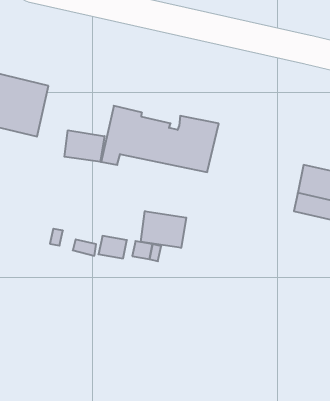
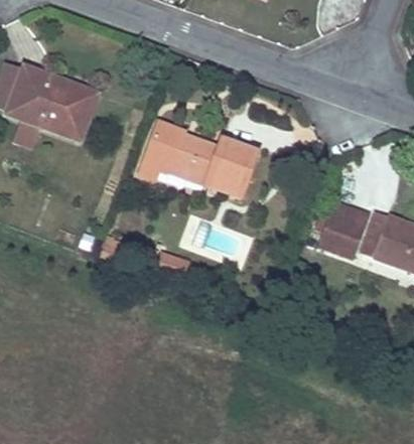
building: [64,130,105,162] -> none
building: [141,211,186,248] -> none

